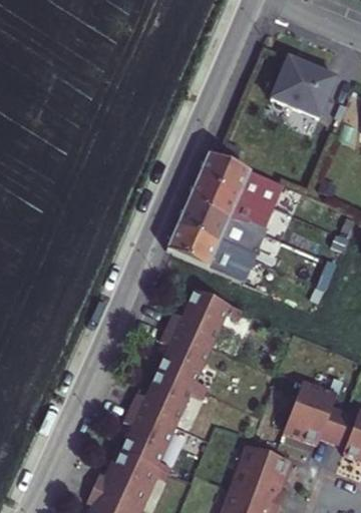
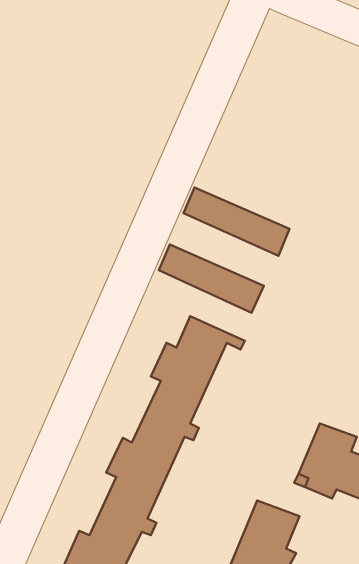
building: [271,53,338,114] -> none
building: [197,150,293,210] -> none
building: [174,196,272,262] -> none

